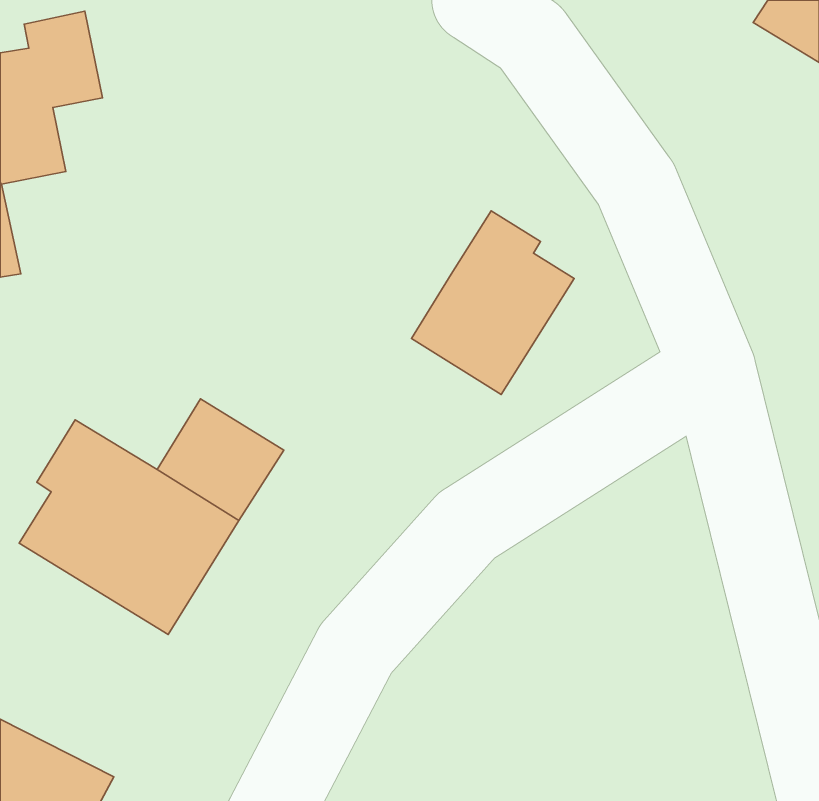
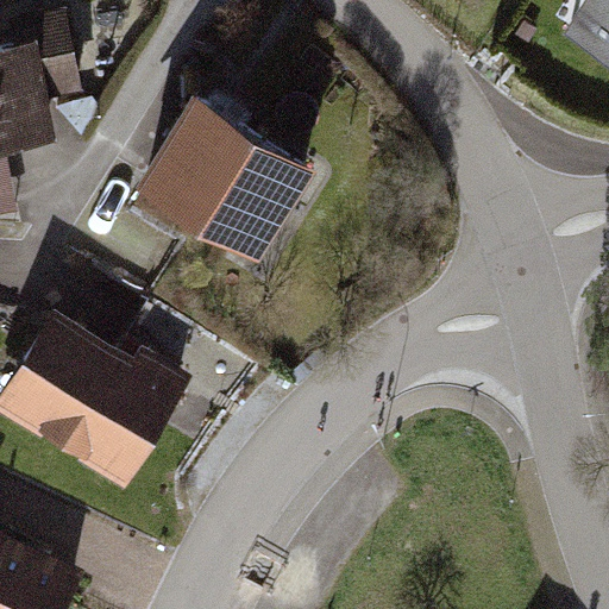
building: none -> [137,102,297,253]
building: [412,211,574,394] -> none

